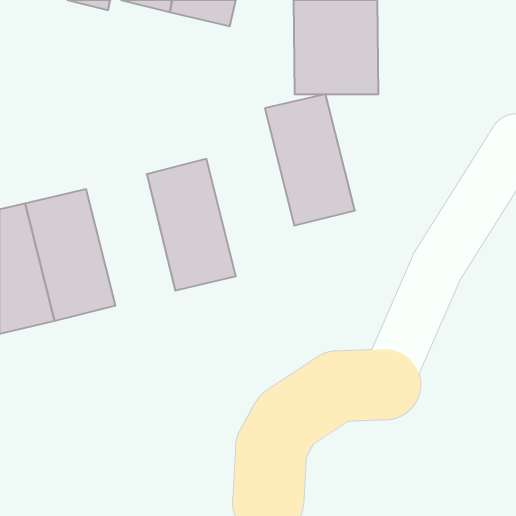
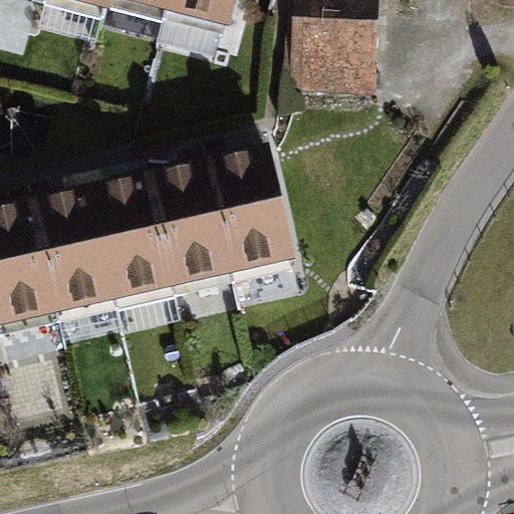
building: [265,94,355,226] -> [205,145,294,275]
building: none -> [85,174,174,304]

